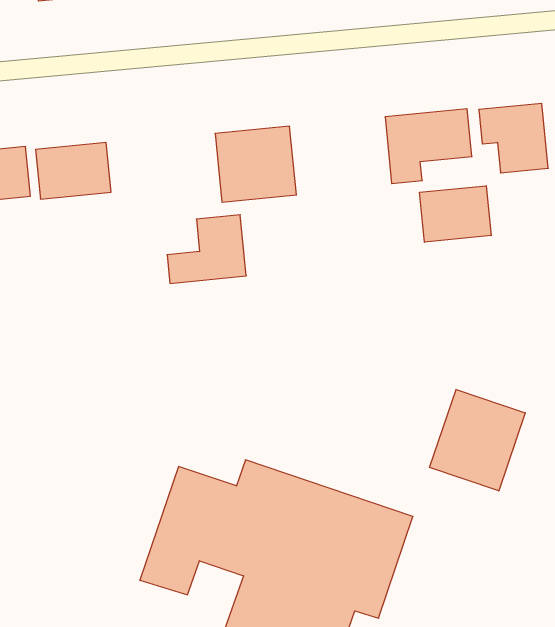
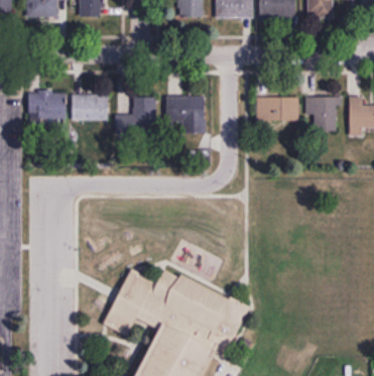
building: [420,186,491,242] -> none
building: [167,215,246,283] -> [115,97,155,129]
building: [430,389,525,491] -> none

